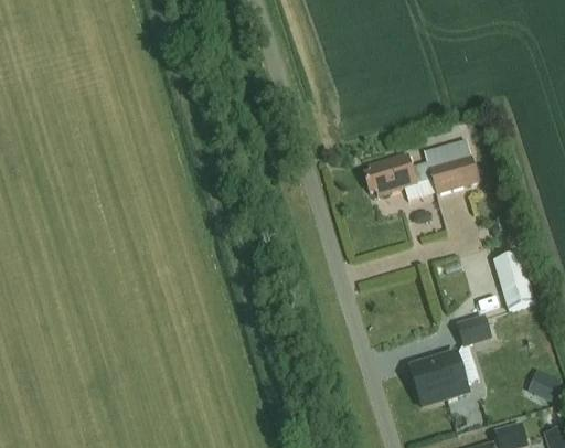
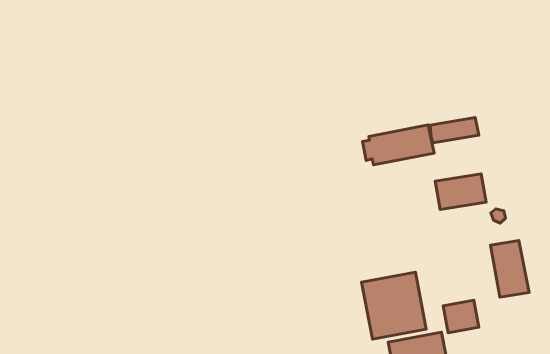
building: [428,156,479,194] -> [435,174,486,210]
building: none -> [362,272,426,339]

